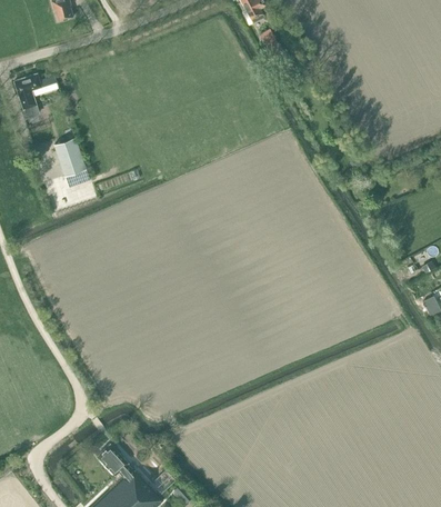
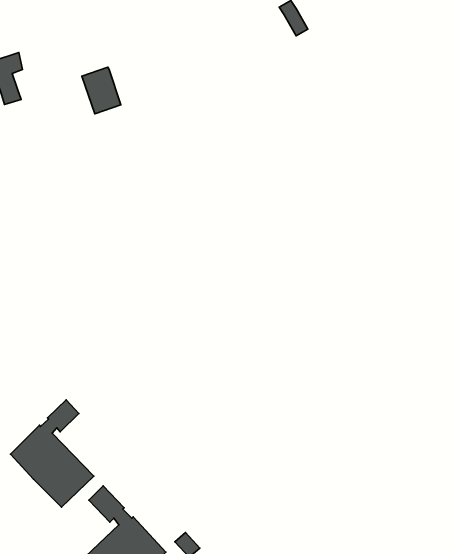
building: [53,137,87,177] -> [82,67,121,114]
building: none -> [10,400,94,507]

